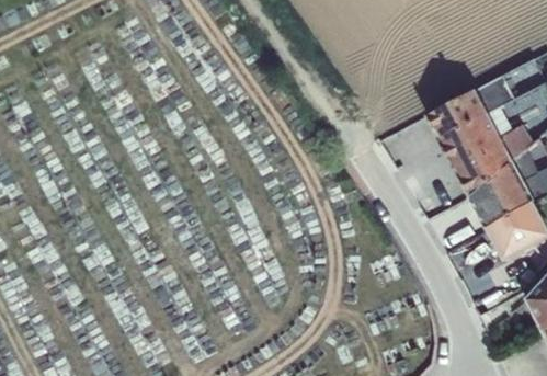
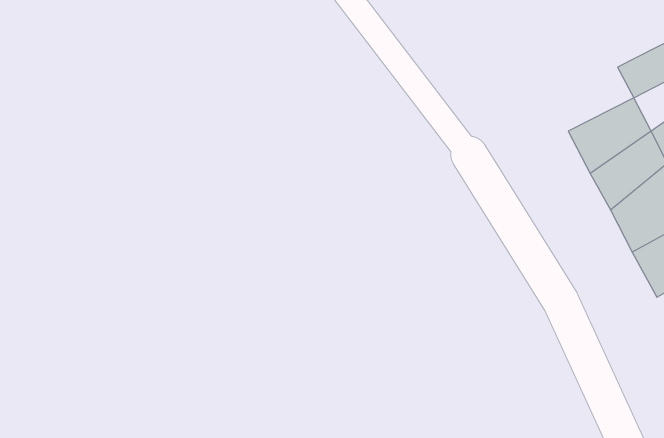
building: [429,89,489,137] -> none

